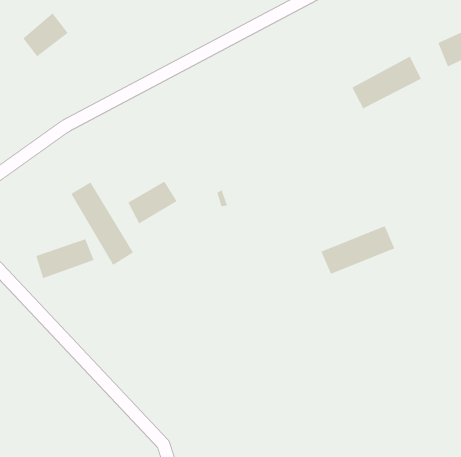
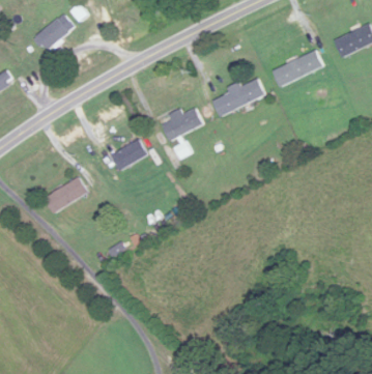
building: none -> [161,108,202,140]
building: [71,181,134,266] -> none
building: [321,226,395,275] -> [210,80,264,115]

